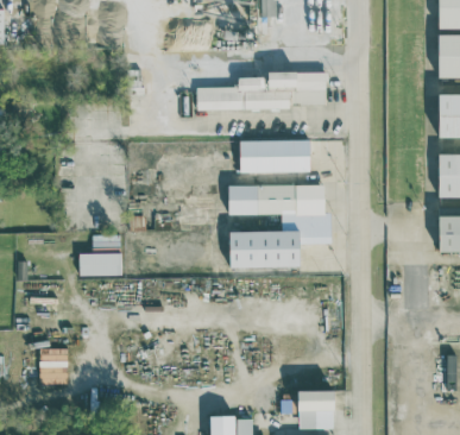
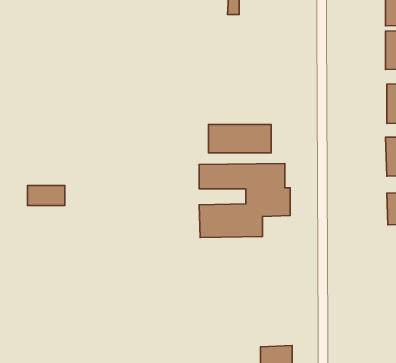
building: [197,72,327,109] -> none
building: [80,252,121,275] -> [28,185,65,206]
building: [39,348,68,384] -> none

